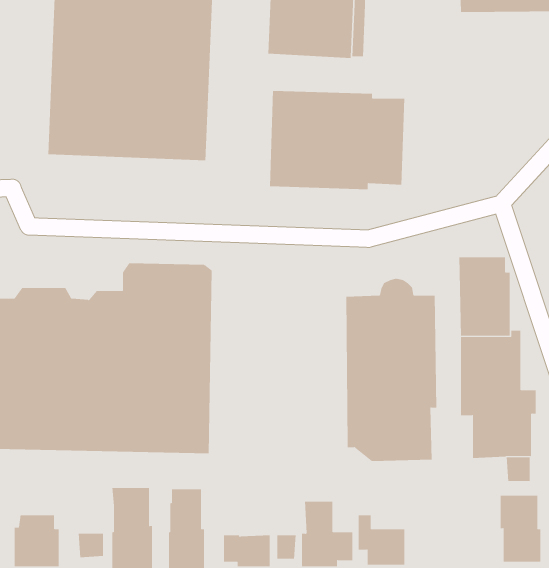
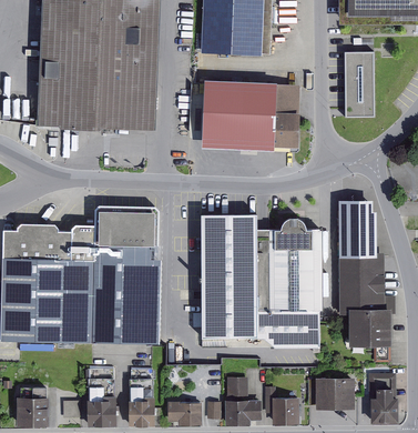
building: none -> [344,51,375,118]
building: none -> [200,212,257,338]
building: none -> [315,377,355,409]

